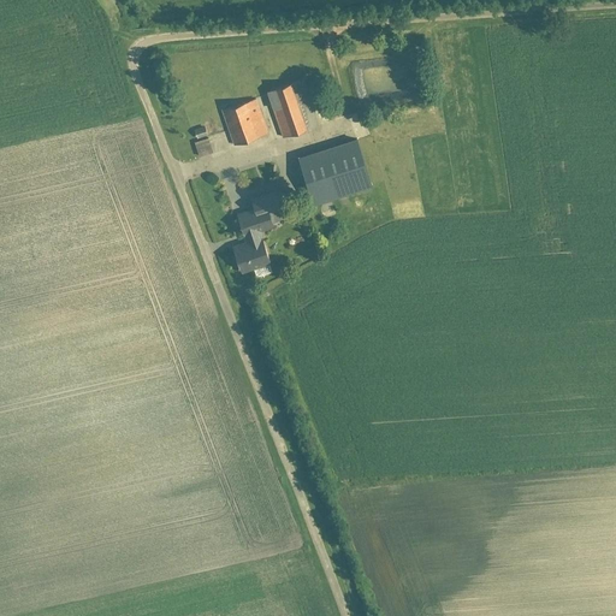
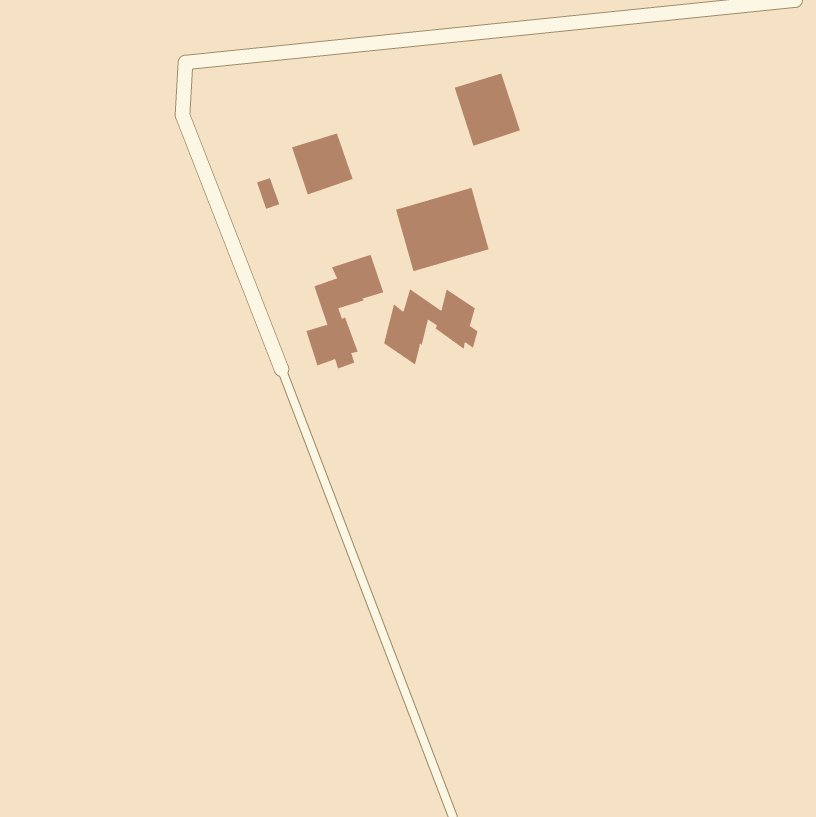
building: [266,82,316,137] -> [454,73,521,147]
building: none -> [383,288,478,366]

